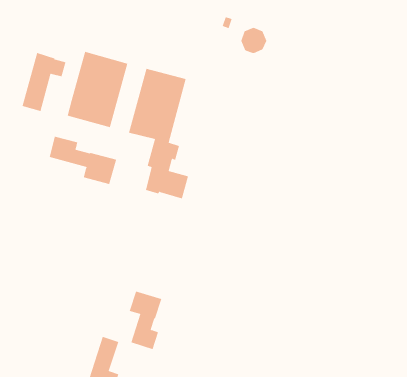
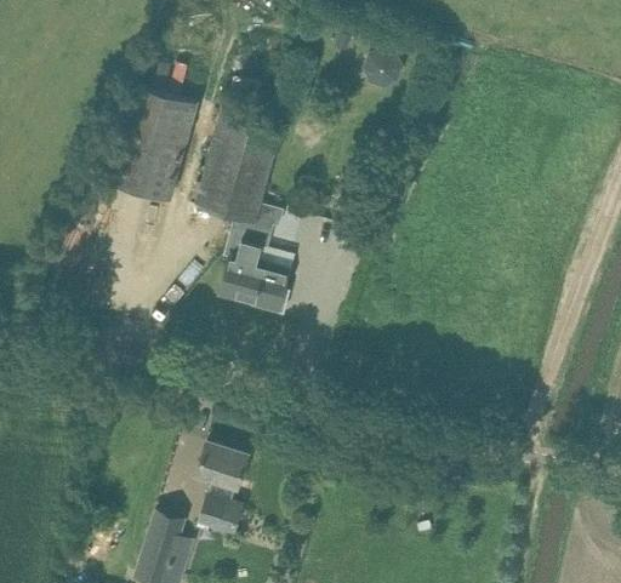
building: [22,52,66,112] -> none
building: [49,136,117,185] -> none

